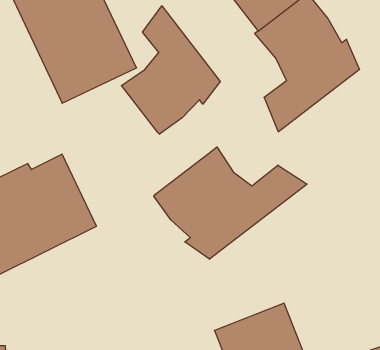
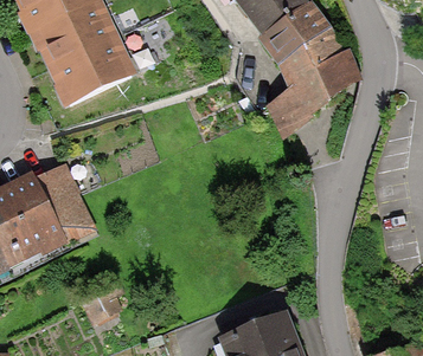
building: [121,6,220,134] -> none
building: [154,147,307,259] -> none

